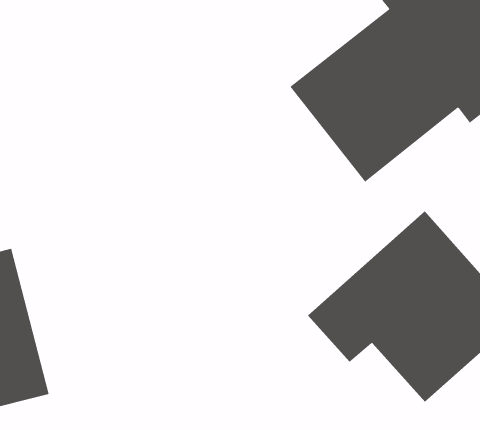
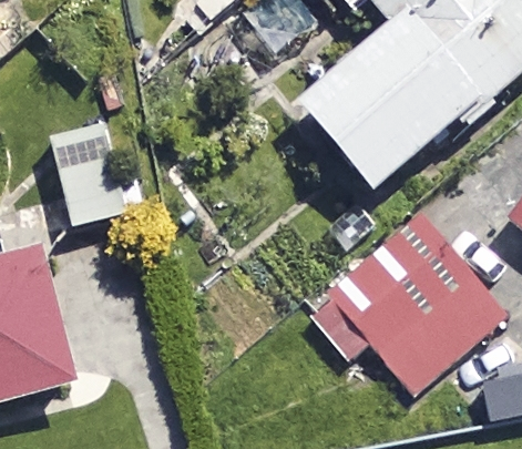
building: none -> [47,113,133,229]

